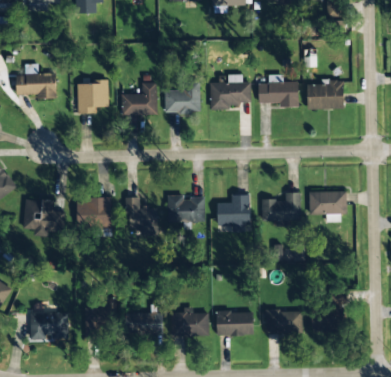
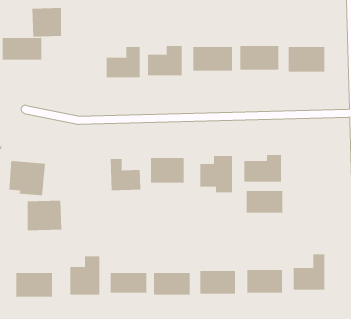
building: [77,81,108,111] -> [31,8,62,37]
building: [309,190,347,213] -> [246,190,283,213]
building: [77,196,113,227] -> [27,200,62,231]

